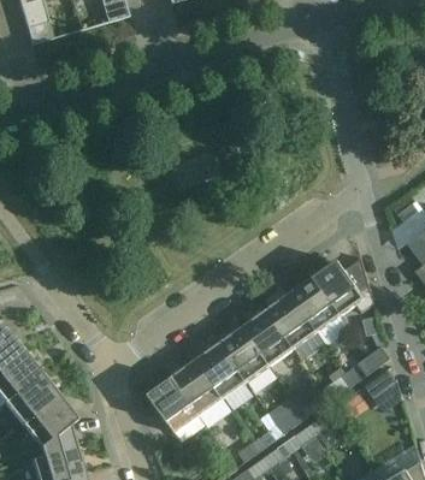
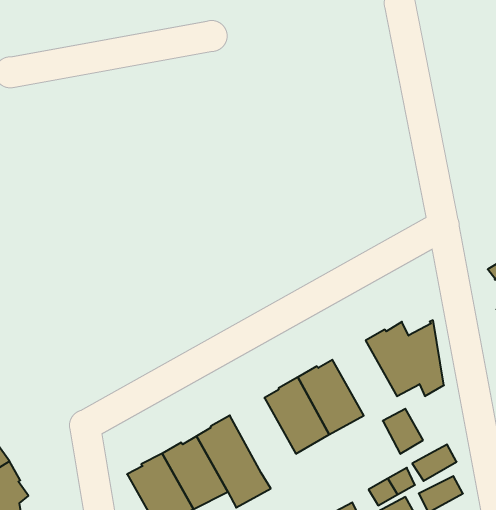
building: [290,275,341,331] -> none
building: [219,326,271,381] -> none

